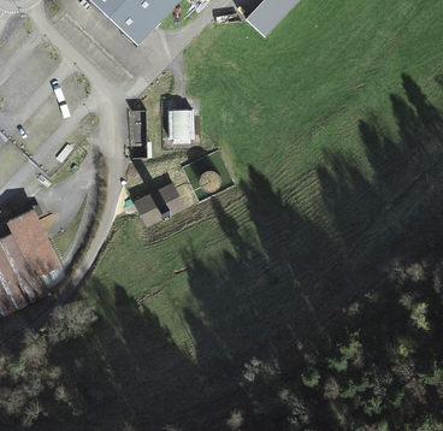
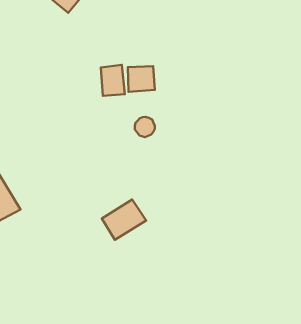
building: none -> [128,66,155,92]
building: [135,182,185,226] -> [102,199,146,240]

